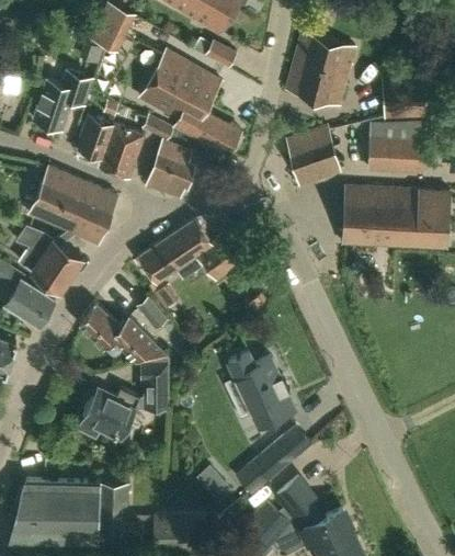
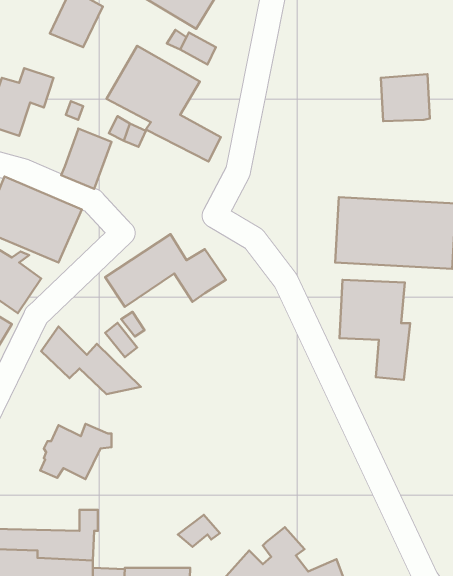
building: [287,33,356,104] -> none
building: [78,115,114,158] -> none
building: [367,116,426,173] -> none
building: [287,127,341,186] -> none
building: [146,141,211,197] -> none
building: none -> [340,280,410,380]
building: [229,353,296,428] -> none
building: [140,355,169,409] -> none
building: [238,425,311,491] -> none

